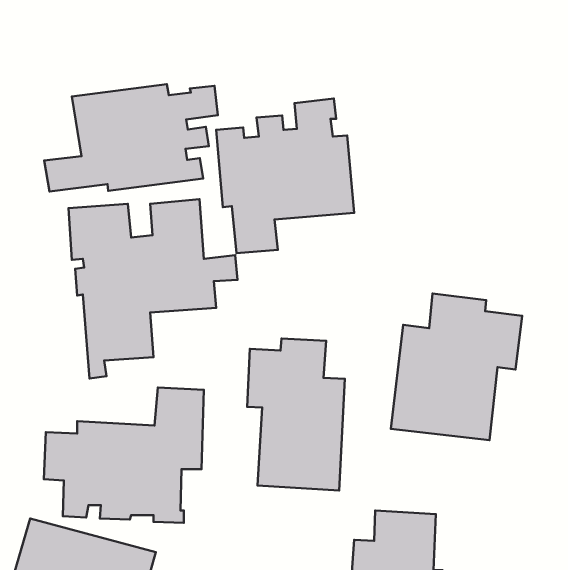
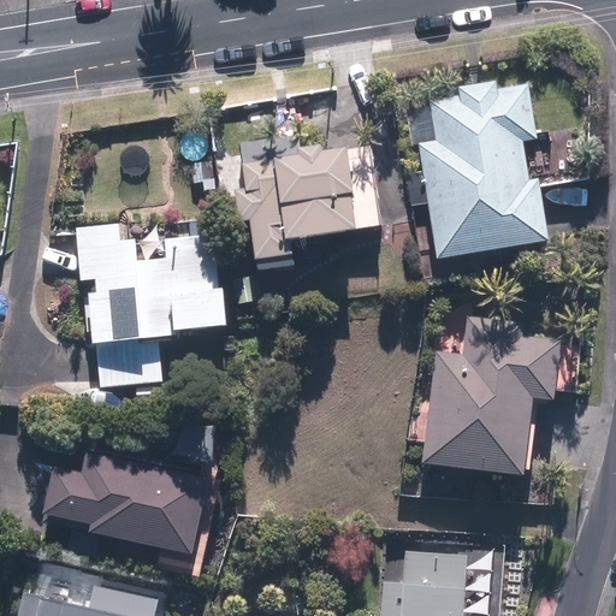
building: none -> [416,85,551,260]
building: [44,84,218,191] -> none
building: [247,339,345,490] -> none

